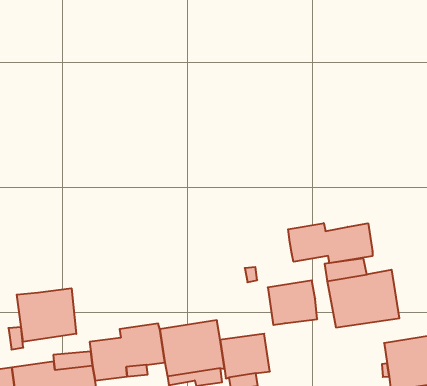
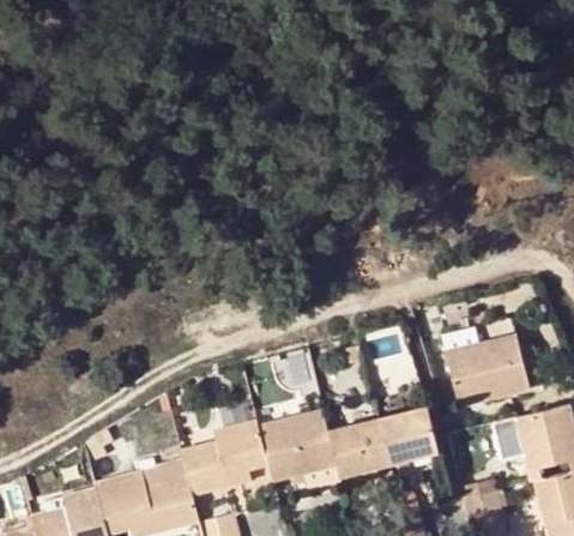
building: [288,223,372,263] -> none
building: [268,280,317,325] -> [377,408,437,463]
building: [17,288,76,342] -> none

